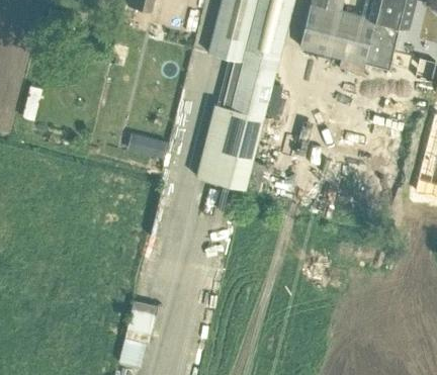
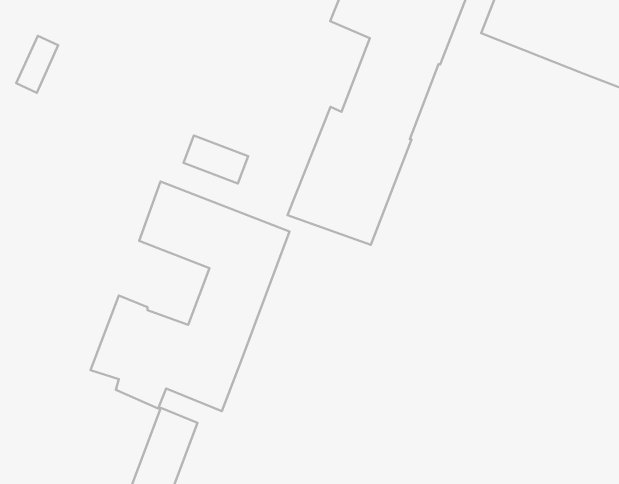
building: none -> [91,182,290,411]

